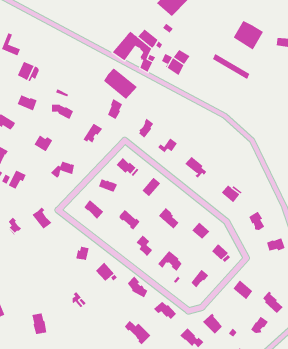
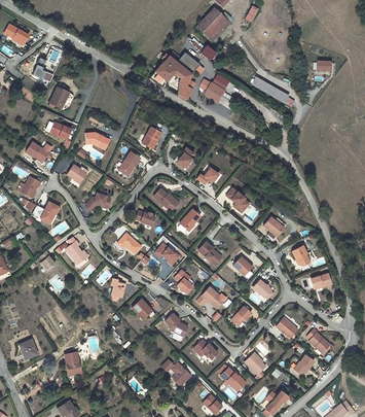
building: [233,20,264,50] -> none
building: [103,67,138,100] -> none

